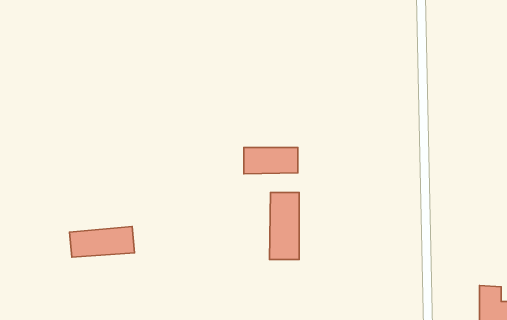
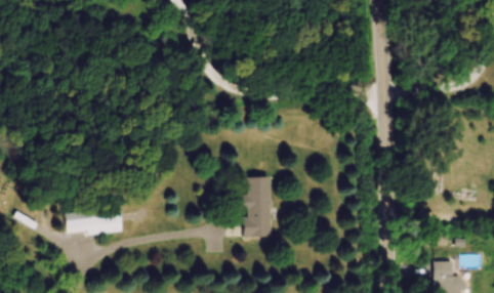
building: [244,147,298,174] -> none

